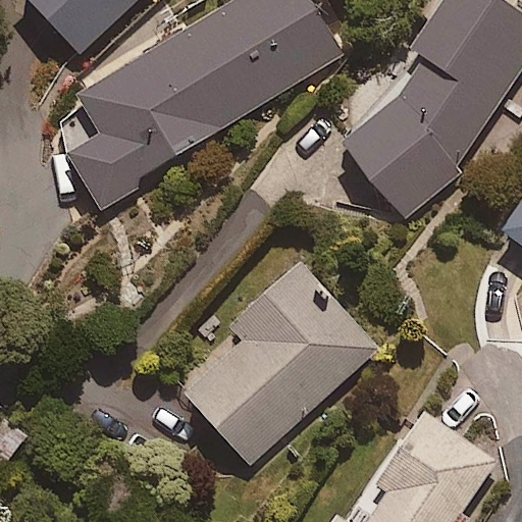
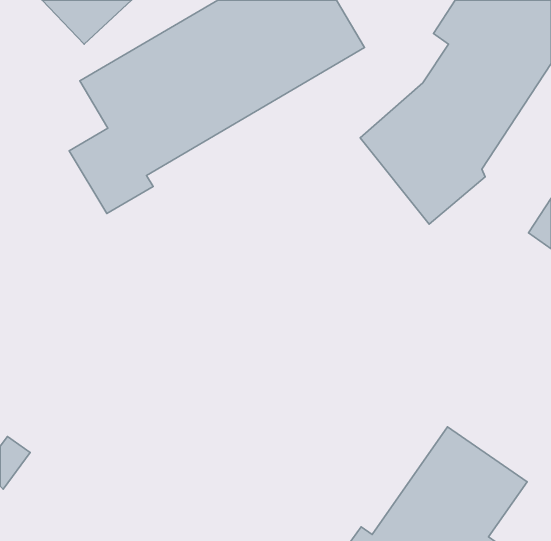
building: [182,256,380,466] -> none

